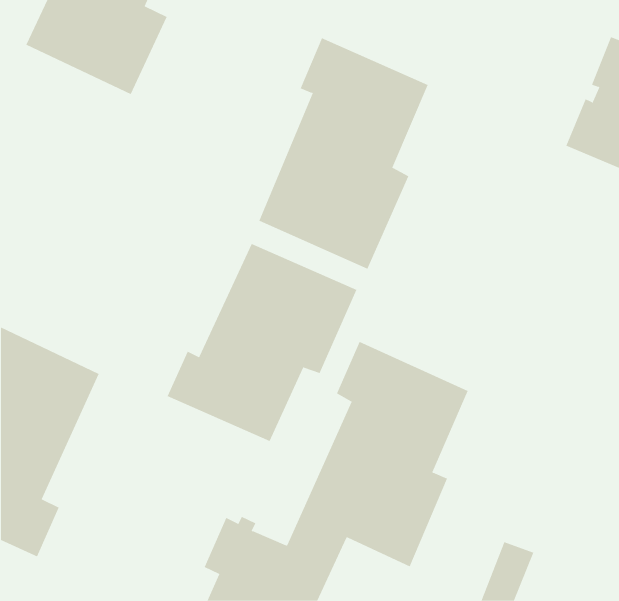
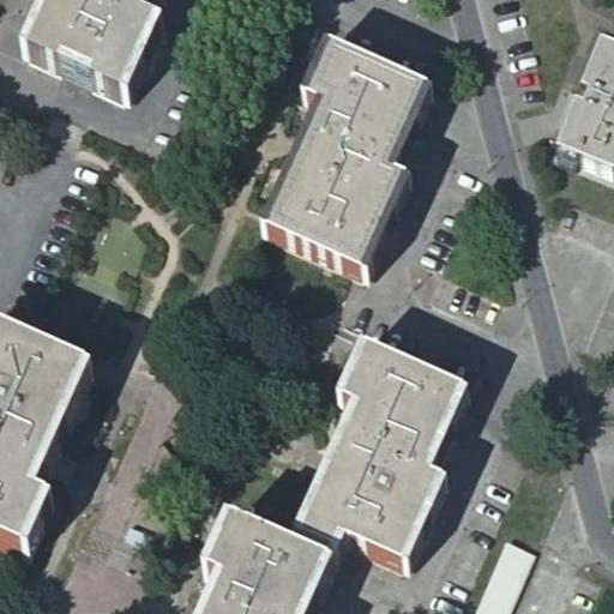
building: [167,243,357,442] -> none

